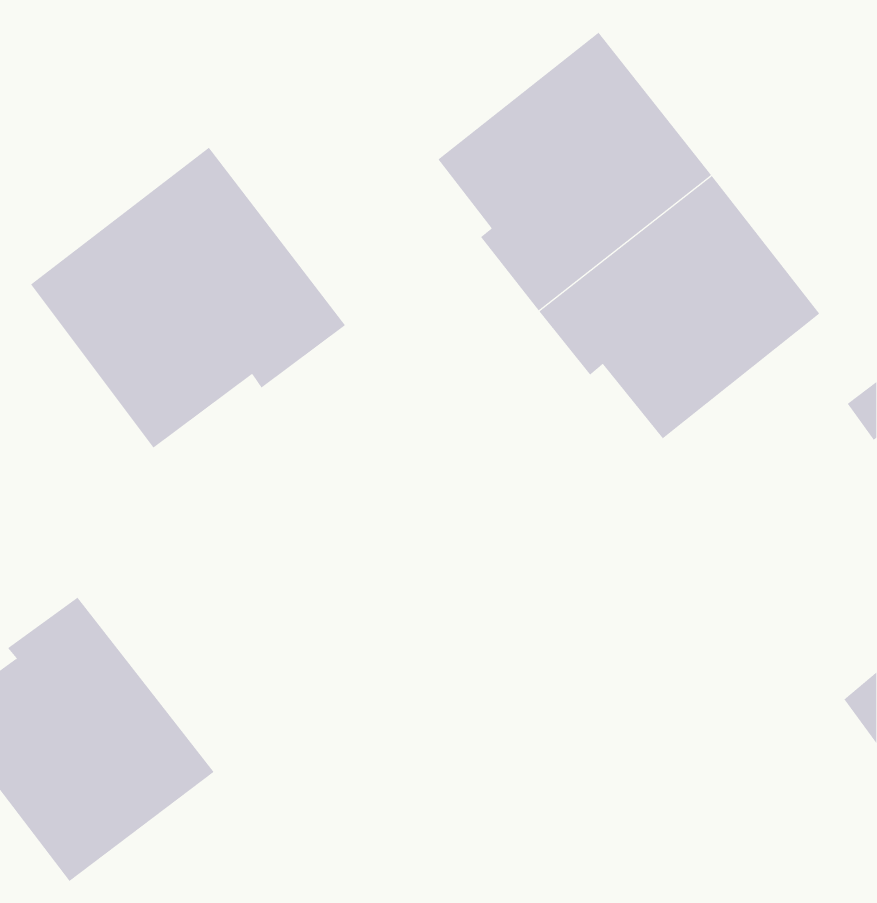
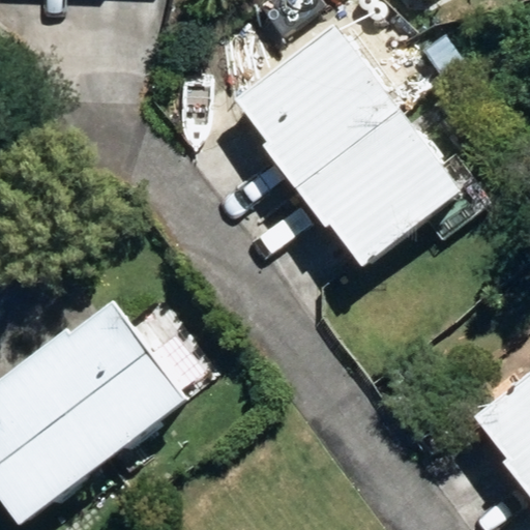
building: [30,147,346,449] -> none
building: none -> [46,293,205,452]

